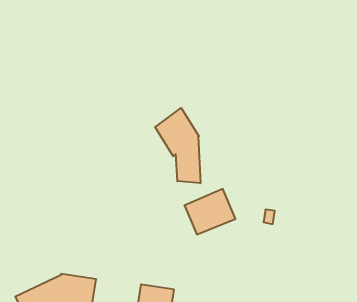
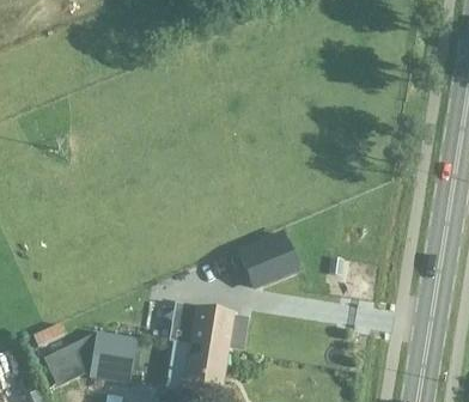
building: [155,108,200,183] -> none
building: none -> [170,305,245,348]

